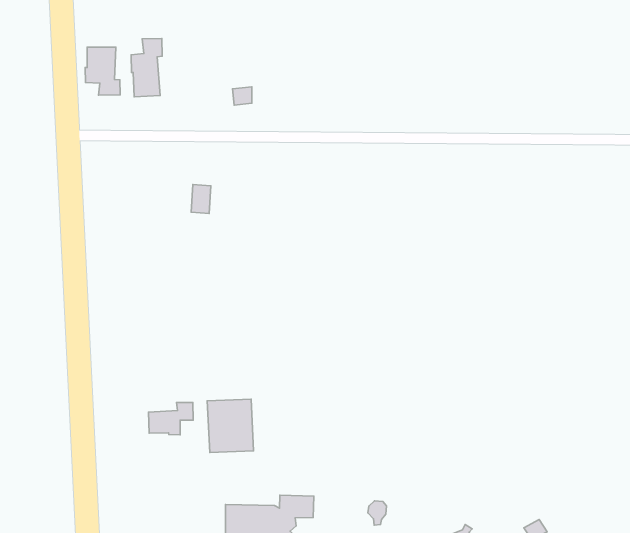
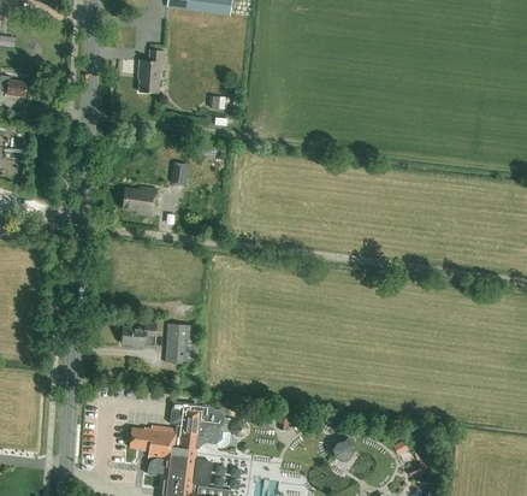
building: [85,47,120,95] -> none
building: none -> [122,187,156,214]

